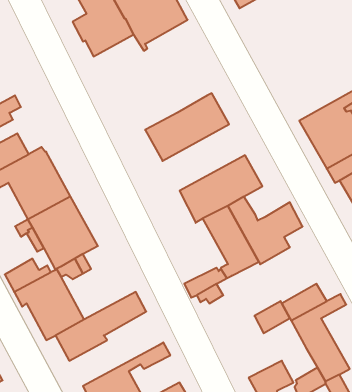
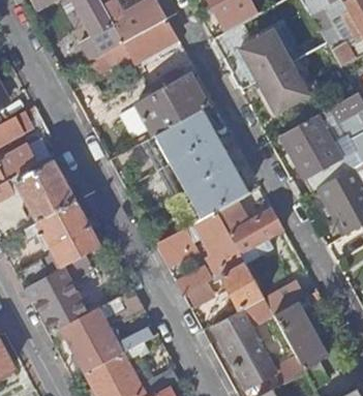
building: none -> [242,30,319,111]
building: none -> [135,71,207,135]
building: none -> [157,136,232,196]
building: none -> [156,224,198,265]
building: none -> [219,261,264,309]
building: none -> [73,326,153,372]
building: none -> [220,327,265,365]

